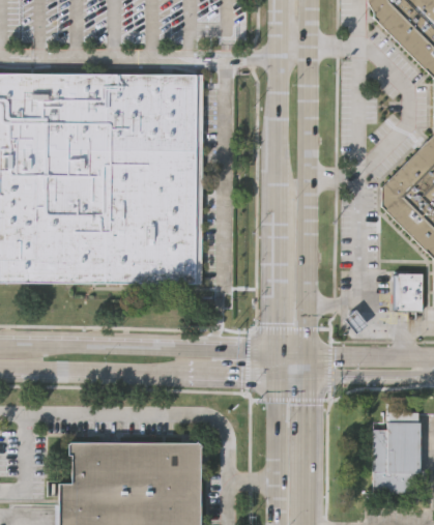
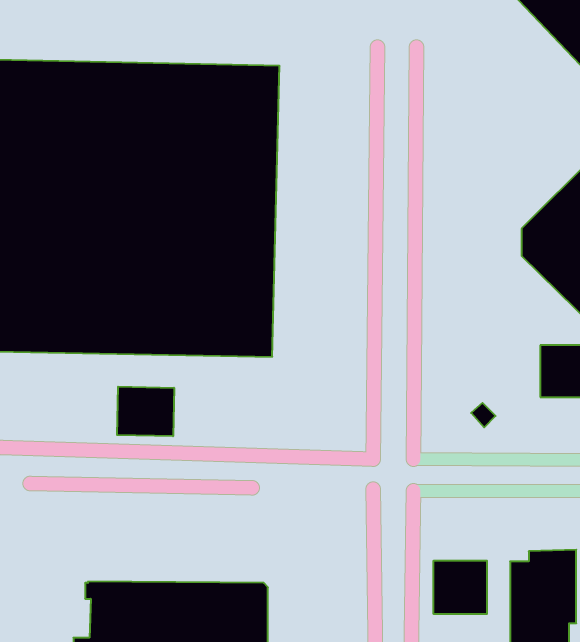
building: none -> [117,387,174,436]
building: none -> [434,561,487,614]

